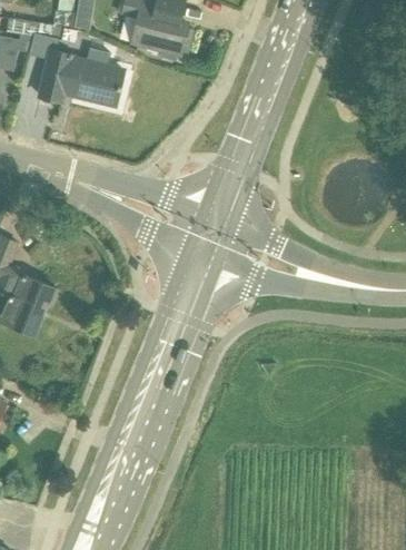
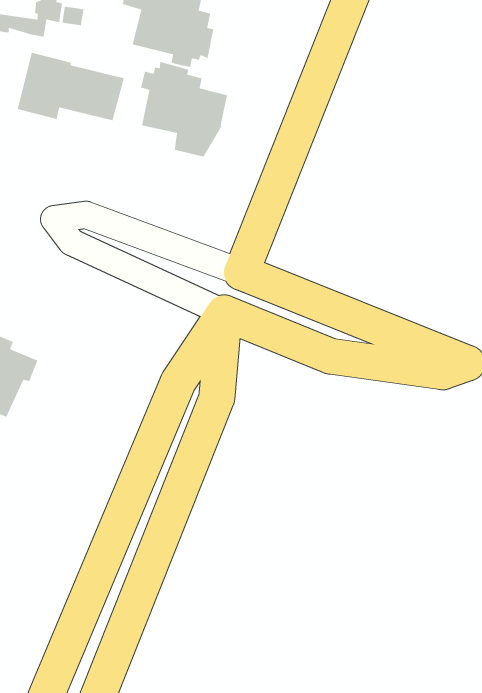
building: none -> [140,61,228,157]

